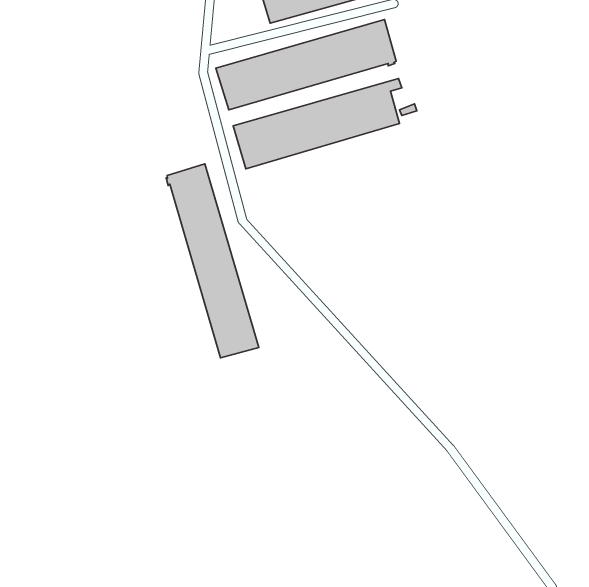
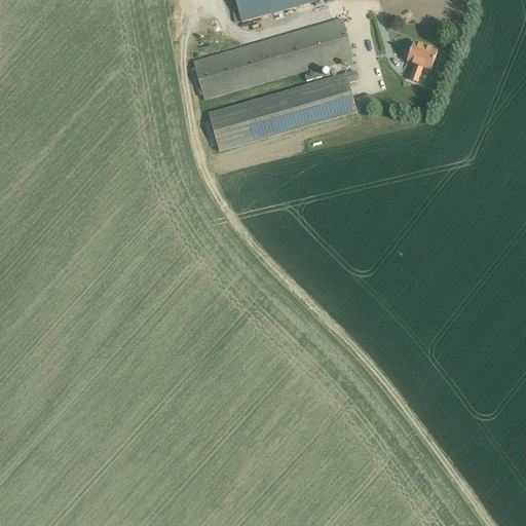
building: none -> [406,41,436,80]
building: [166,164,259,358] -> none

